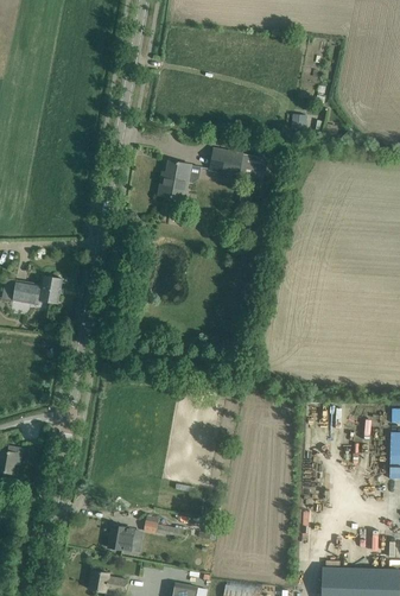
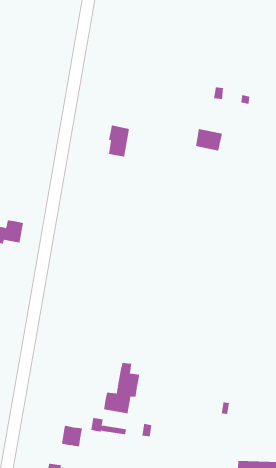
building: [210,150,243,177] -> [195,129,223,151]
building: none -> [103,362,140,414]

